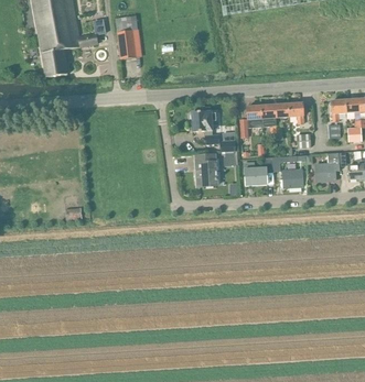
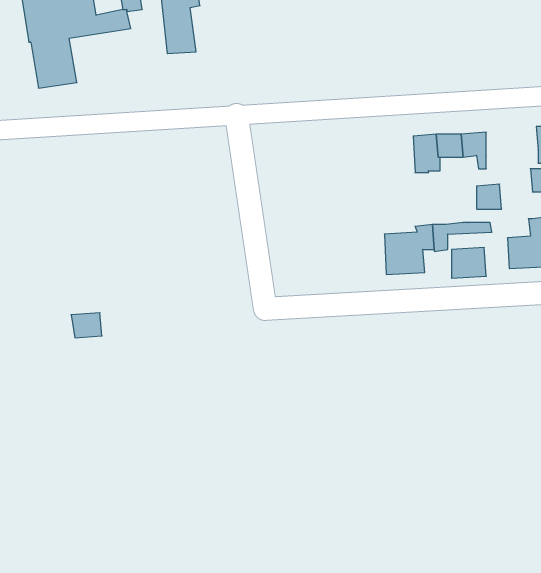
building: [239,105,262,137] -> none
building: [190,109,236,150] -> none
building: [195,153,218,185] -> none

